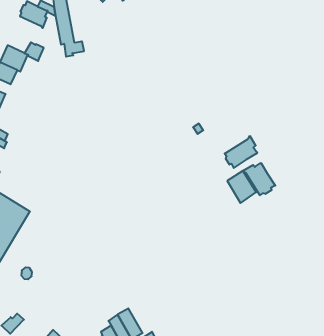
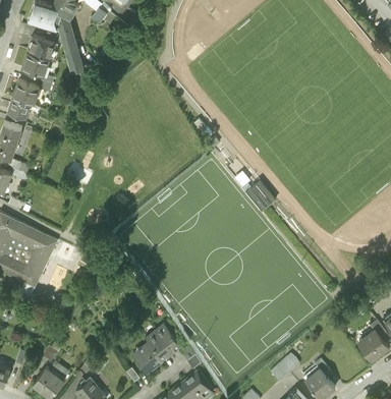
building: none -> [22,51,50,77]
building: [225,136,257,168] -> none
building: [243,163,275,195] -> none

